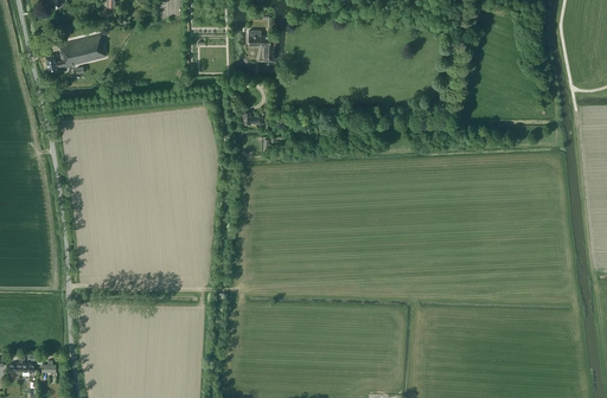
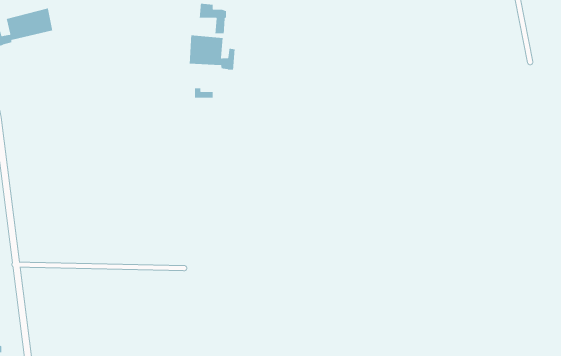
building: none -> [189,34,235,71]

